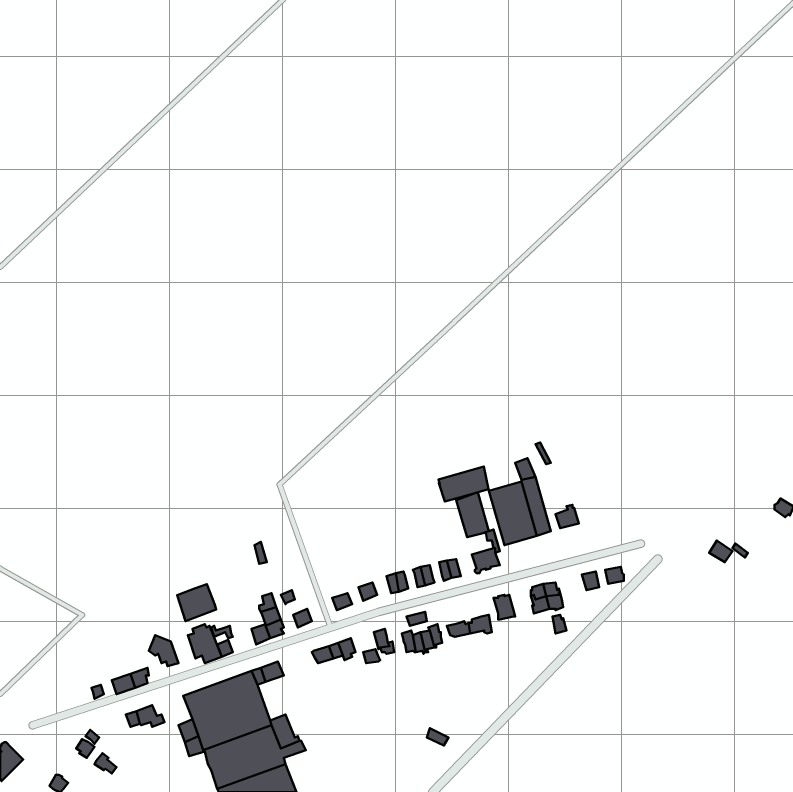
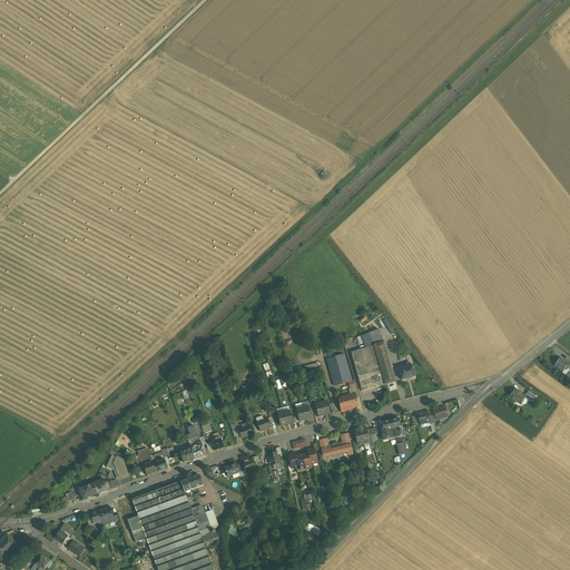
building: [439,466,488,502] -> none
building: [177,584,216,621] -> none

